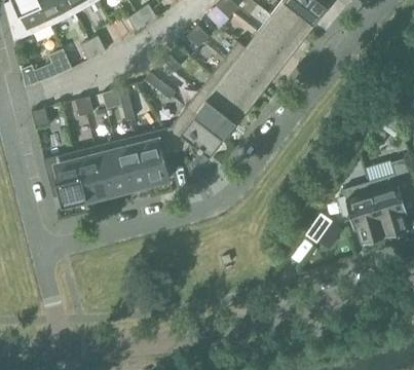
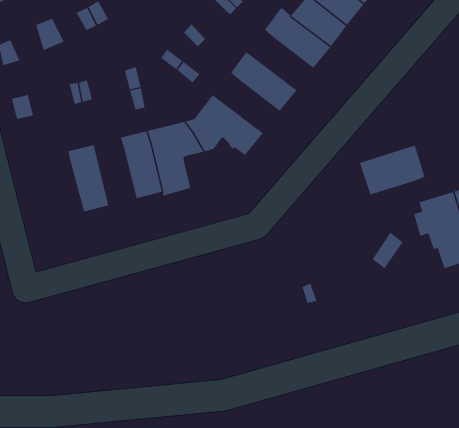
building: [211,60,262,106] -> none
building: [185,92,236,139] -> none
building: [95,142,126,194] -> none
building: none -> [359,145,426,196]
building: [43,152,86,206] -> none

